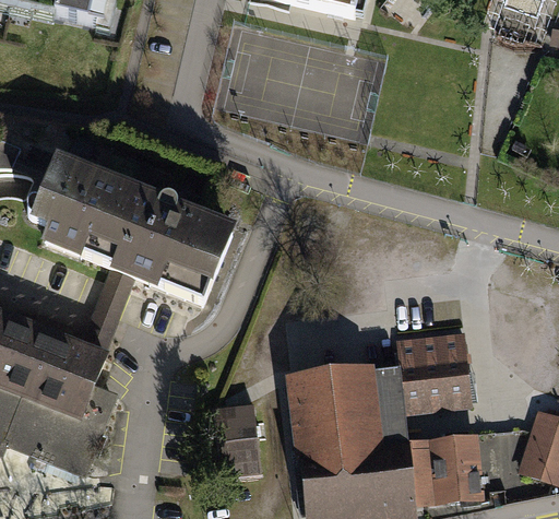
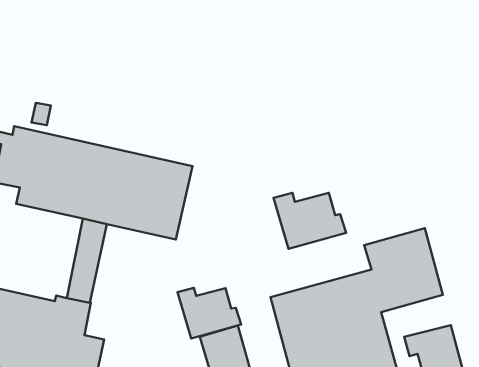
building: none -> [274,193,346,249]
building: none -> [178,288,241,339]

